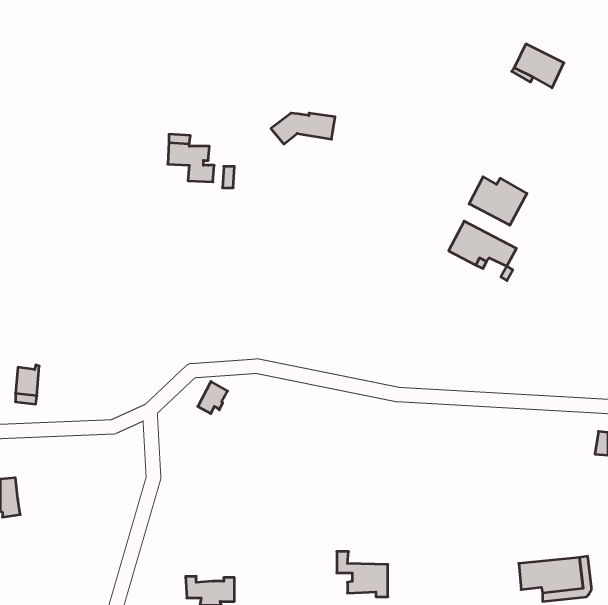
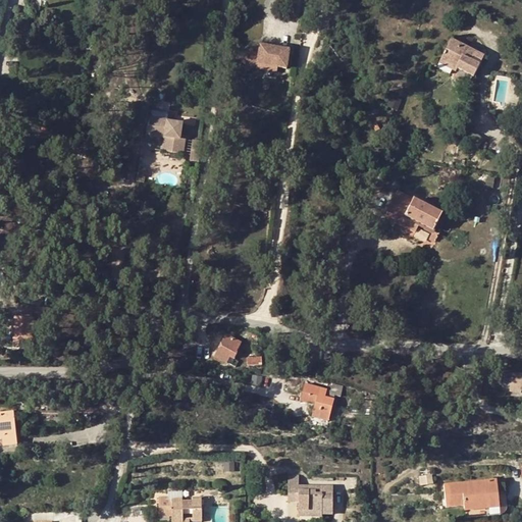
building: [271,113,335,144] -> [234,47,290,73]
building: [469,177,527,225] -> none
building: [198,381,228,414] -> [214,333,240,361]
building: none -> [301,381,343,419]

